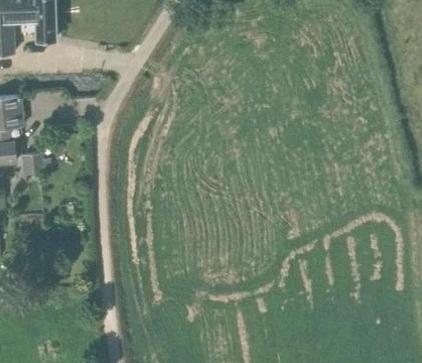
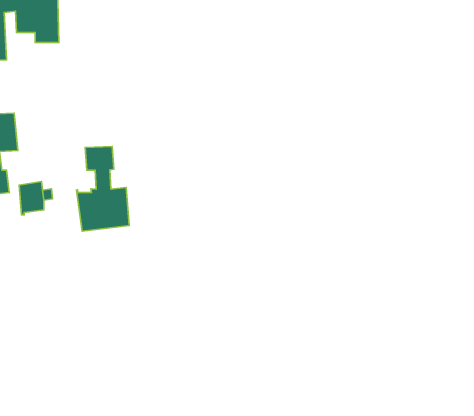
building: none -> [76,146,129,231]

